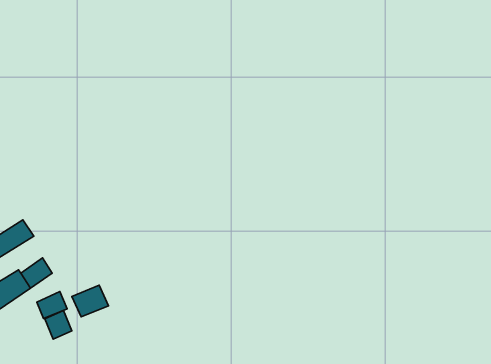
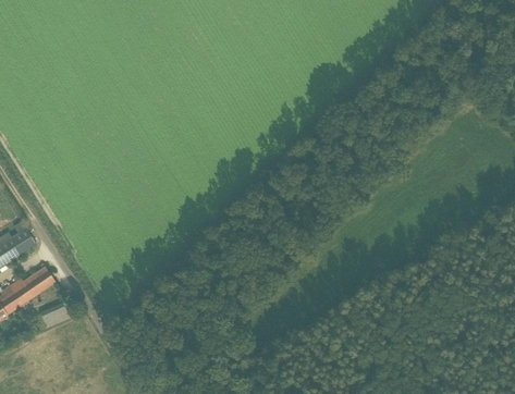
building: [72,285,109,317] -> none
building: [45,310,72,339] -> none

